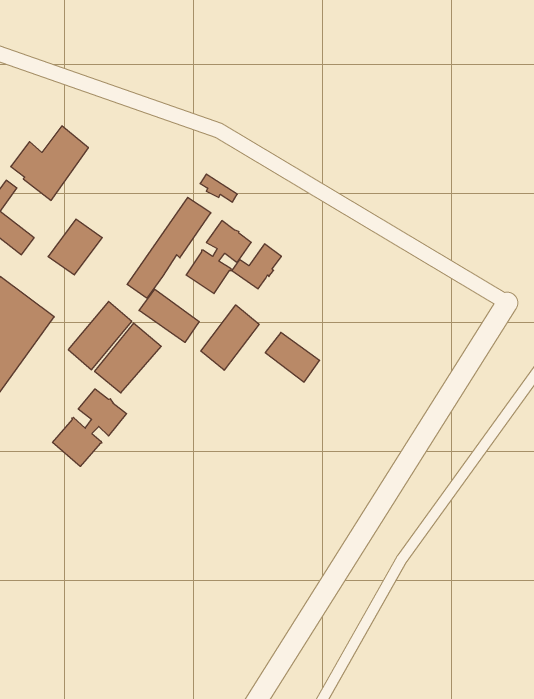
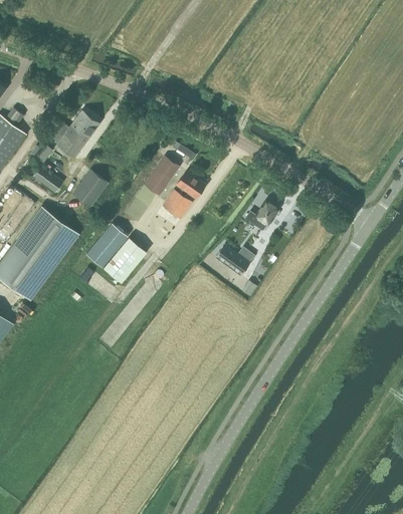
building: [232,244,281,289] -> [244,202,276,231]
building: [139,289,199,342] -> none
building: [201,305,259,370] -> none
building: [53,389,127,466] -> none

